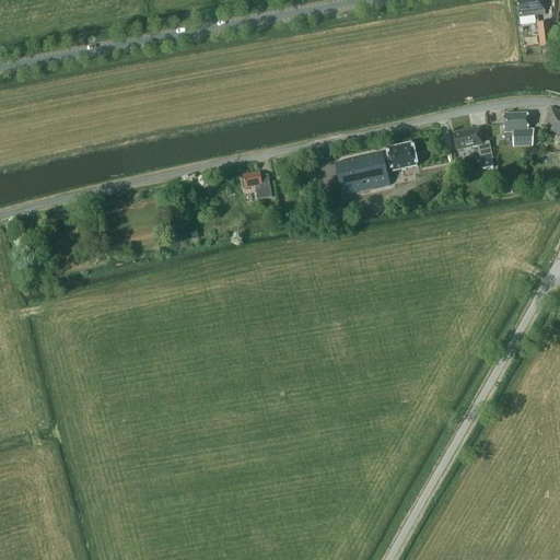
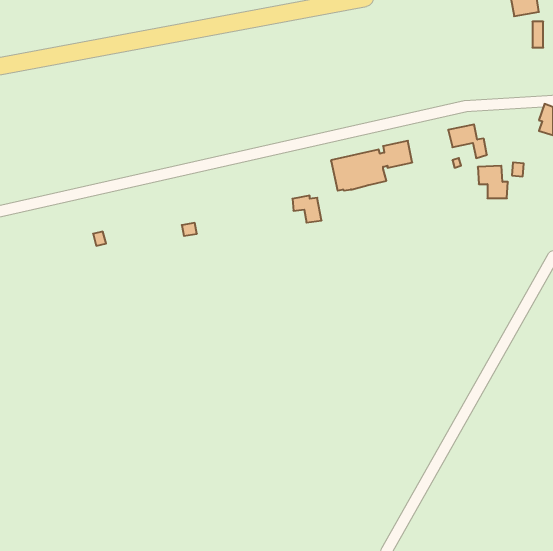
building: [503,112,534,144] -> [478,166,508,198]
building: [243,171,272,198] -> [292,196,322,223]

